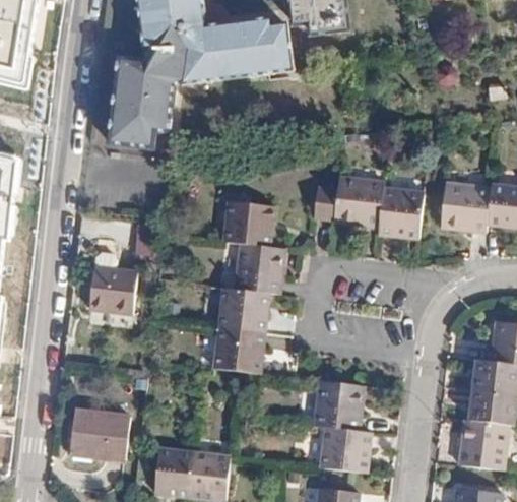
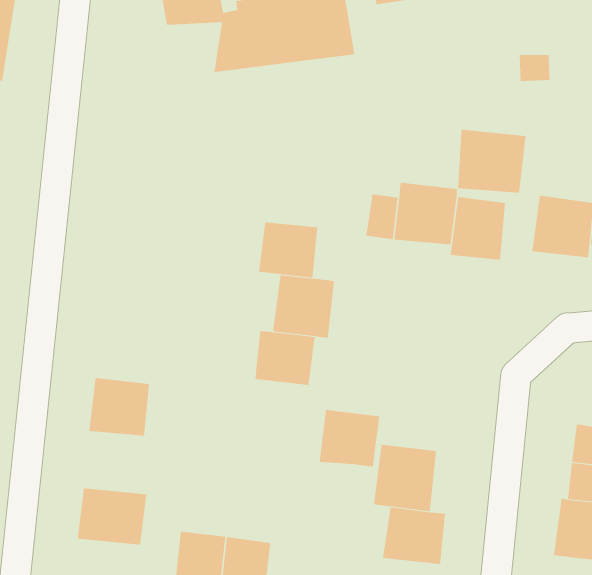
building: [113,43,192,144] -> none
building: none -> [457,129,526,193]
building: [91,266,140,313] -> [89,377,150,436]
building: [213,326,262,372] -> [319,410,380,467]

